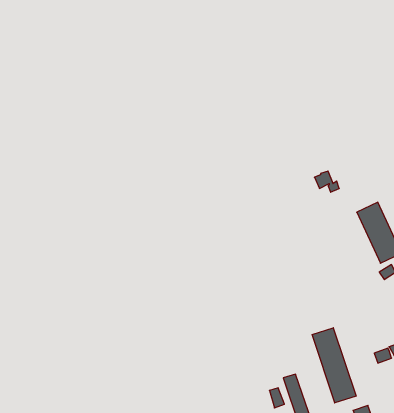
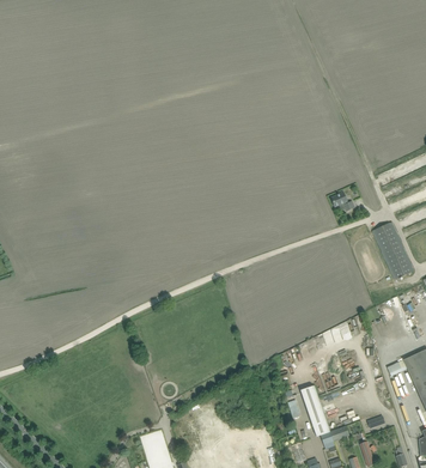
building: [312,328,356,403] -> none

